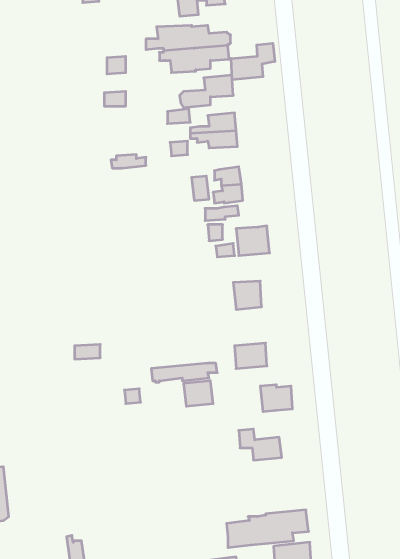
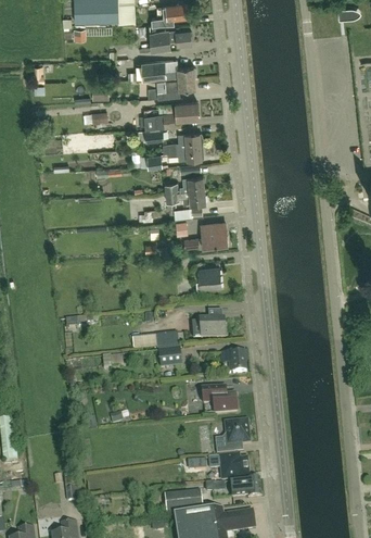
building: [231,43,275,80] -> none
building: none -> [216,422,255,453]

